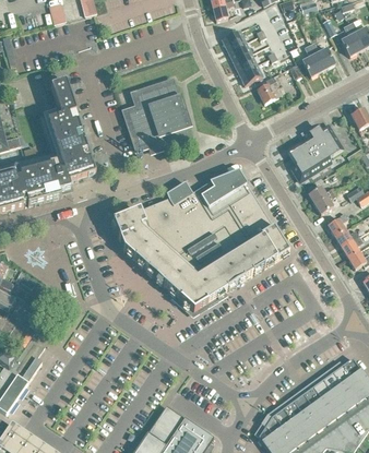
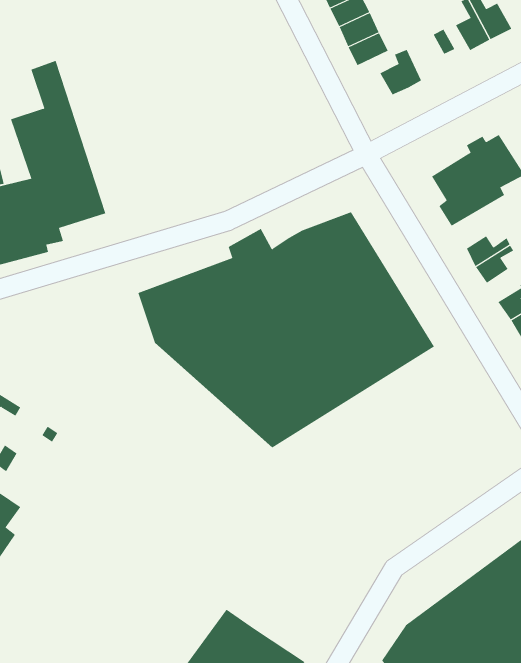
building: [124,79,191,148] -> none

